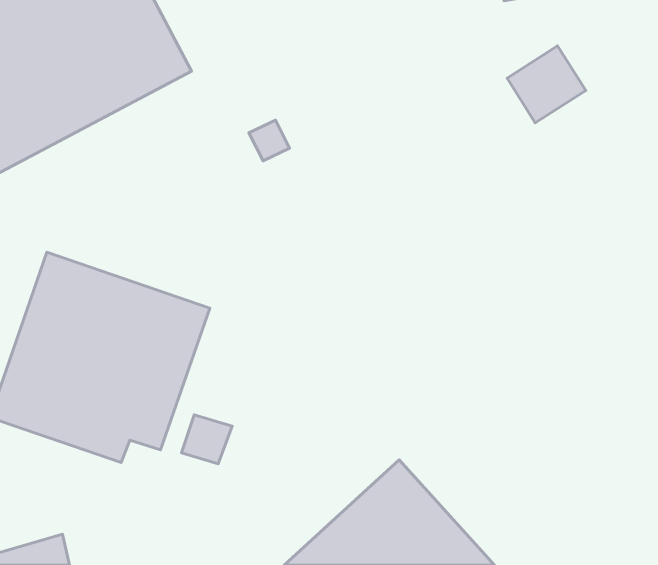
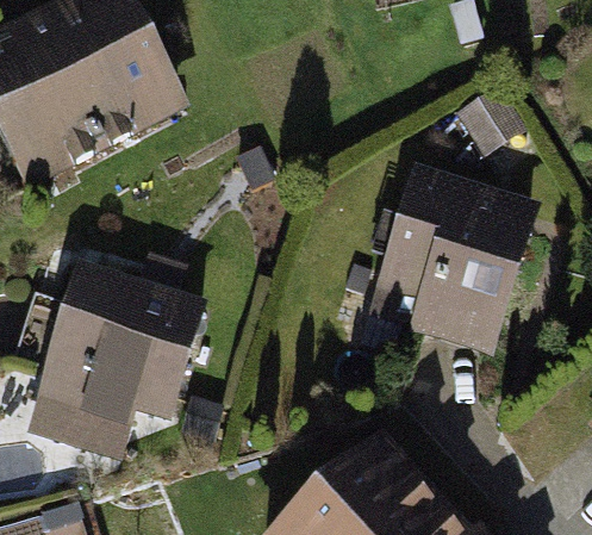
building: none -> [360,168,541,354]

